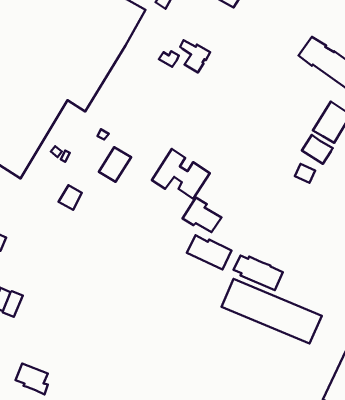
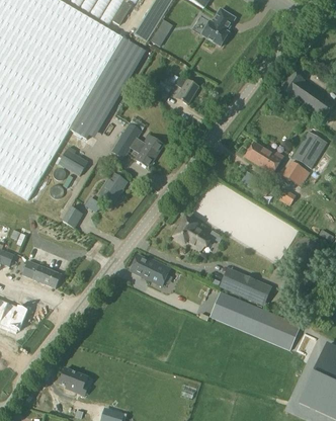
building: none -> [245,143,282,173]
building: none -> [58,149,88,176]
building: [152,149,210,199] -> [111,122,164,168]
building: [187,235,231,270] -> [130,254,170,285]
building: none -> [22,261,62,288]
building: [16,363,48,395] -> [59,367,88,396]

